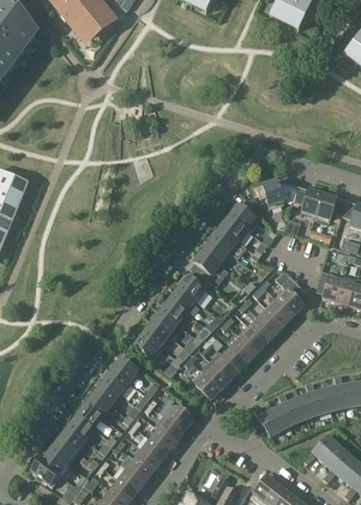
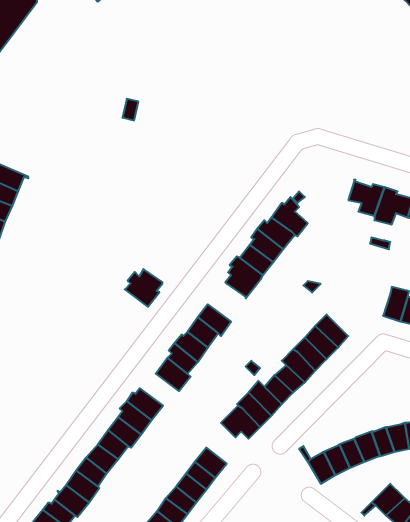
building: [257,179,297,208] -> none
building: [176,270,207,301] -> [125,269,162,307]
building: [275,275,303,313] -> none

